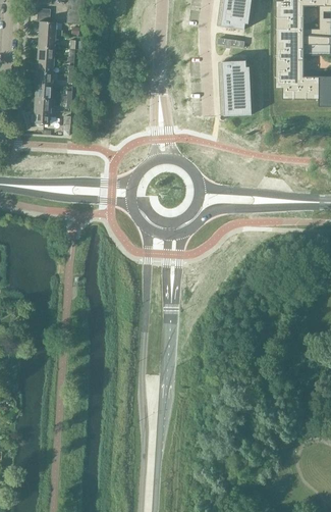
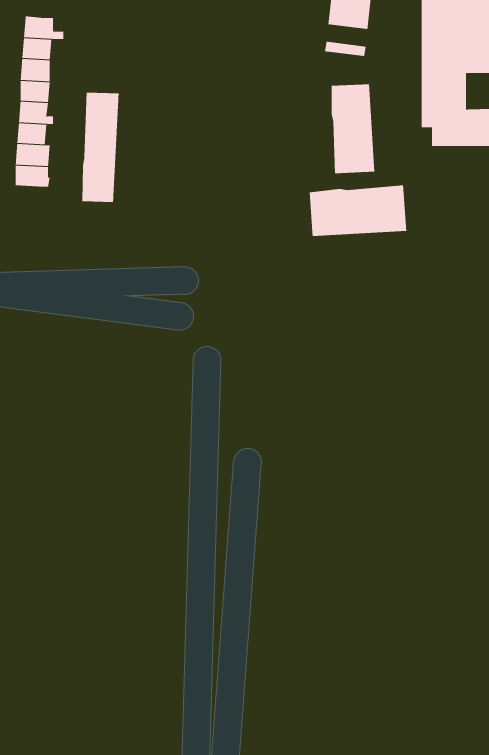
building: none -> [82,92,119,203]
building: none -> [309,185,407,237]

